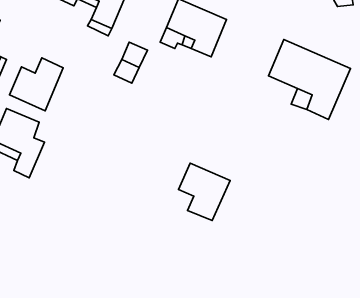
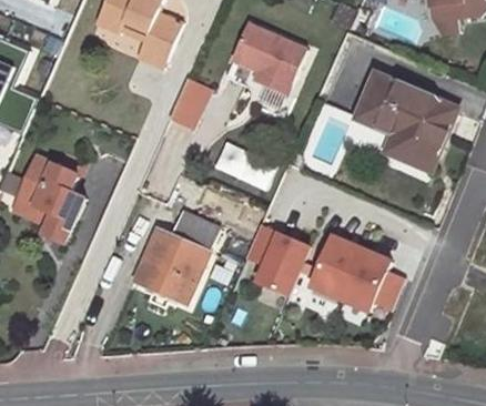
building: [9,58,63,111] -> none
building: none -> [136,213,217,303]
building: none -> [311,236,405,312]

